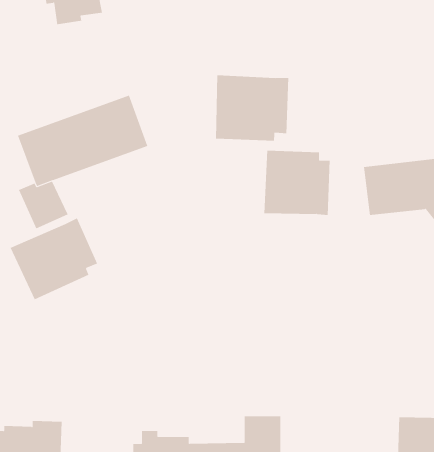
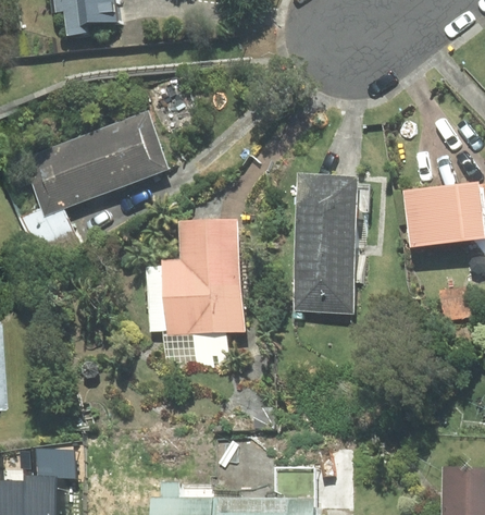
building: [215,74,289,141] -> none
building: none -> [147,218,244,372]
building: none -> [293,244,362,312]
building: [10,218,98,300] -> none

